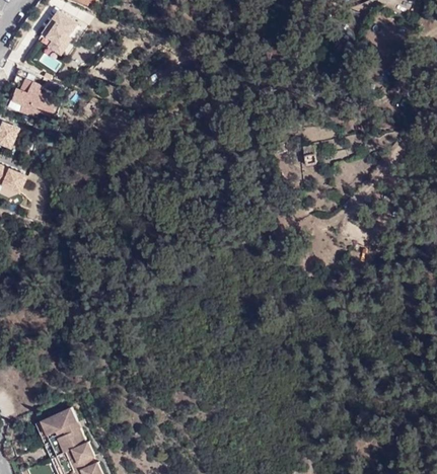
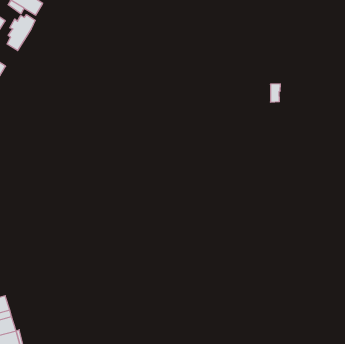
building: none -> [7,15,35,51]

